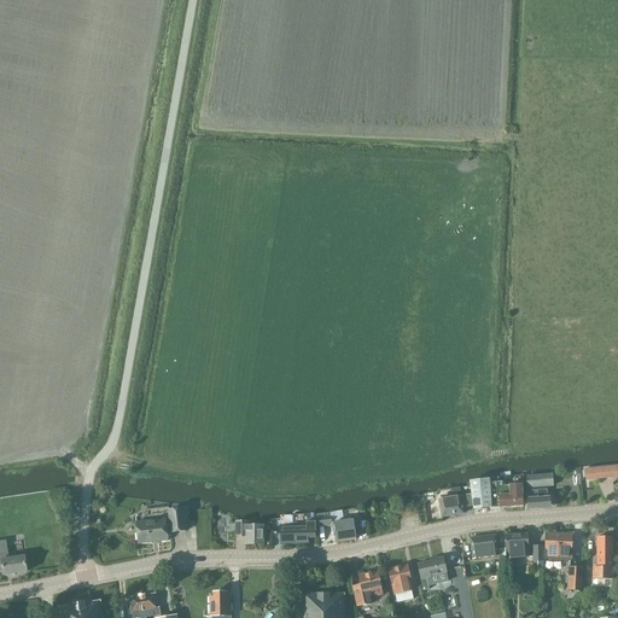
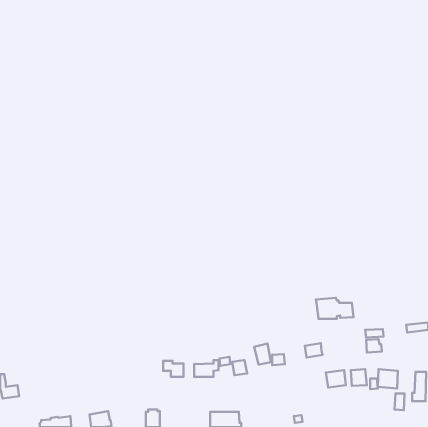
building: [470,477,524,507] -> [316,298,354,319]
building: [136,508,187,541] -> none
building: [418,556,449,589] -> none
building: [389,564,413,594] -> [254,344,271,365]
building: [354,571,383,606] -> none

